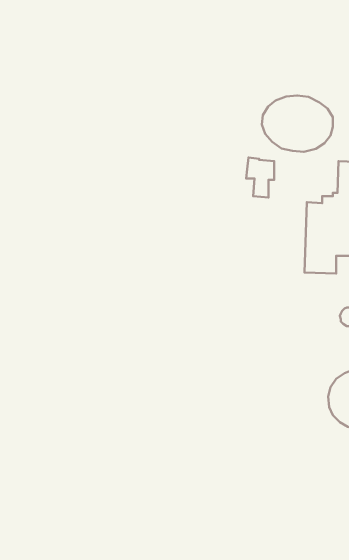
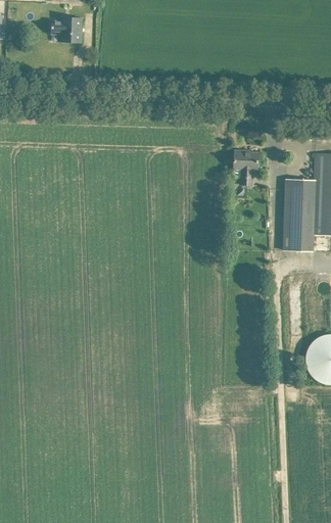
building: none -> [51,15,81,41]
building: [262,95,333,152] -> none

